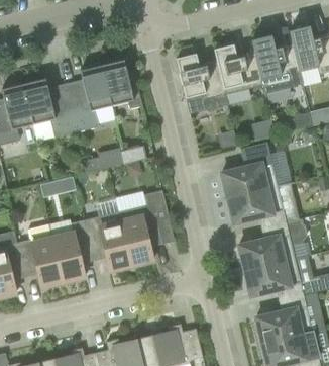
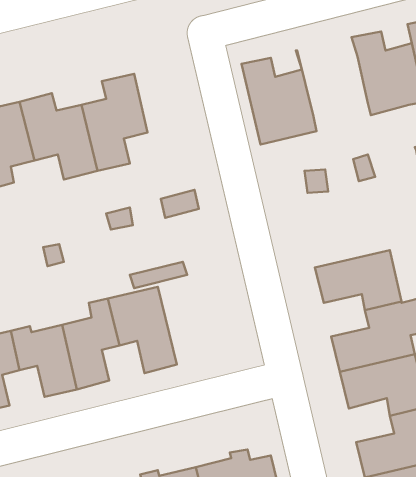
building: [214,39,262,94] -> none
building: [102,60,142,108] -> none
building: [220,142,278,198] -> none
building: [118,203,160,265] -> none

